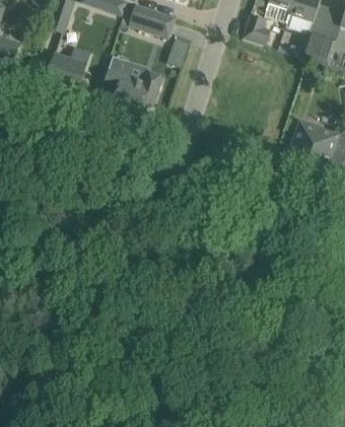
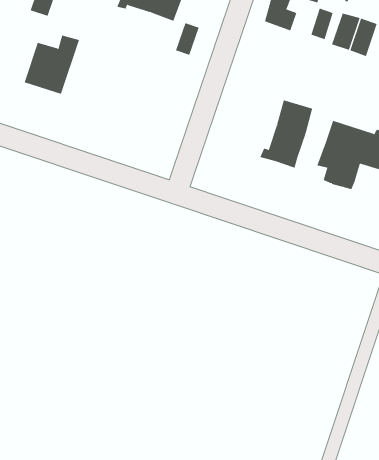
building: [102,55,161,120] -> none
building: none -> [260,100,313,168]

